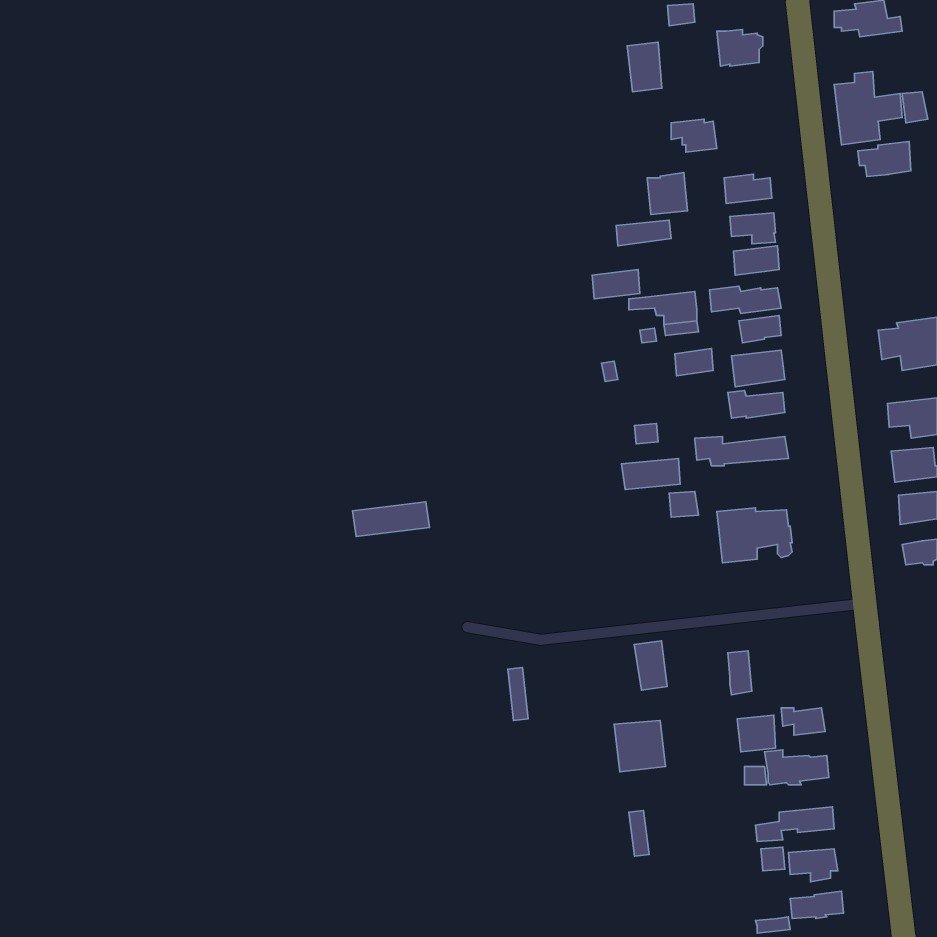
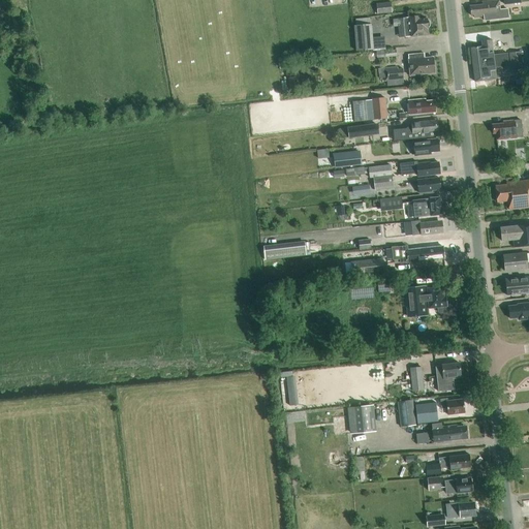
building: none -> [408,54,435,75]
building: [858,142,911,176] -> [492,120,522,139]
building: [353,502,430,537] -> [262,241,306,260]
building: [634,641,667,690] -> [397,400,415,428]
building: none -> [435,363,461,391]

